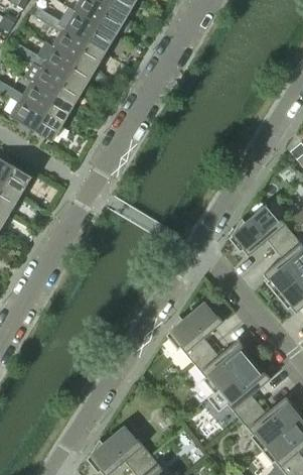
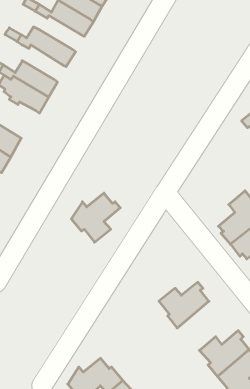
building: [53,28,105,71] -> none
building: [24,63,84,106] -> none
building: [228,207,293,256] -> none
building: [165,305,222,362] -> [71,193,120,242]
building: [206,362,270,420] -> none

